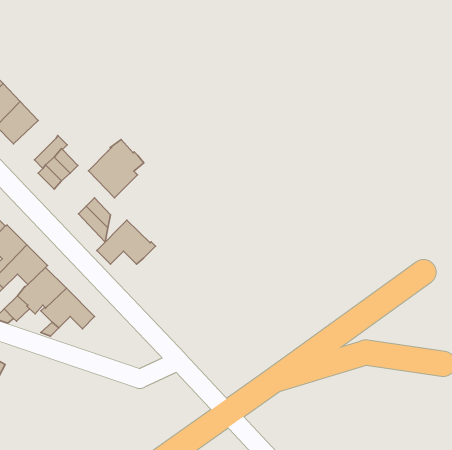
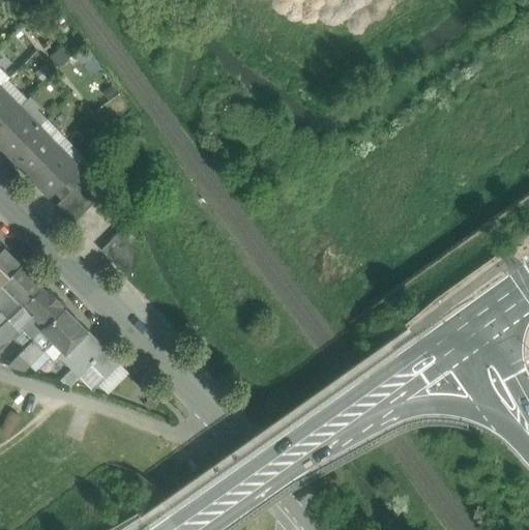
building: none -> [28,147,75,194]
building: [88,139,144,198] -> none
building: [97,220,156,264] -> none

